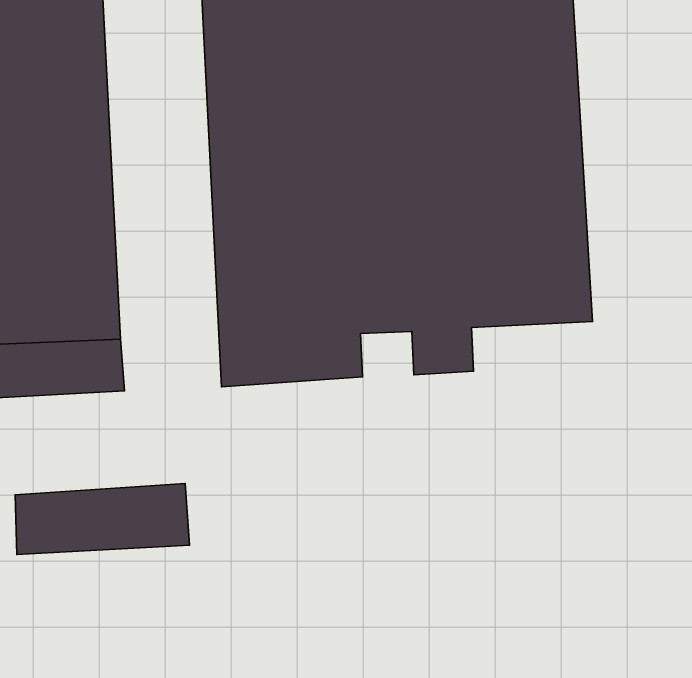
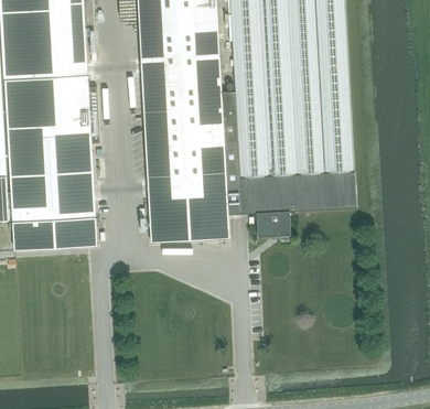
building: [15,484,190,554] -> none

